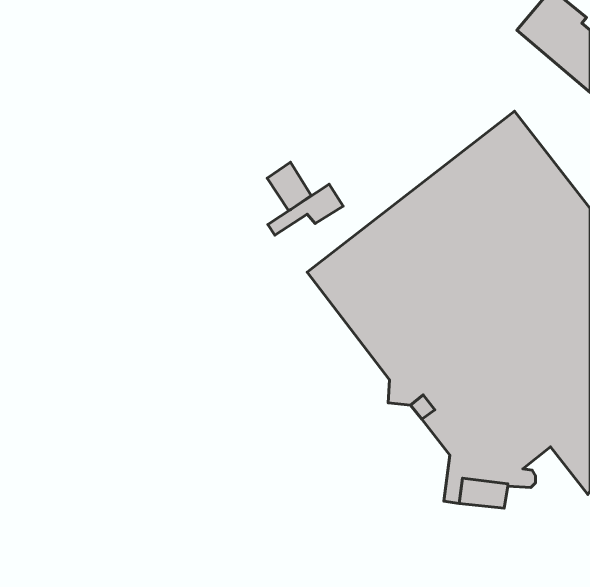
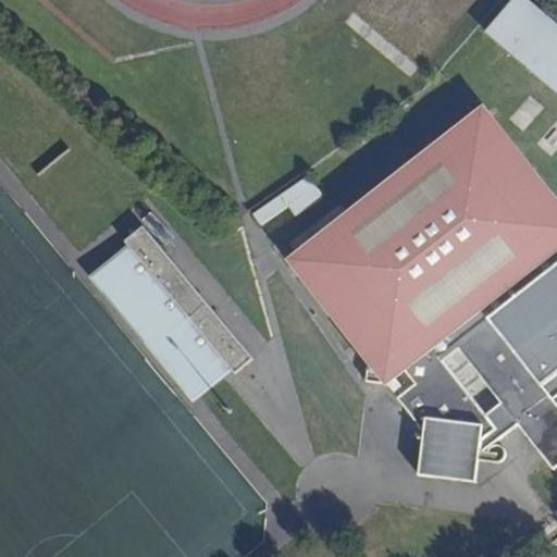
building: [267,162,311,211] -> none
building: none -> [98,222,251,387]

